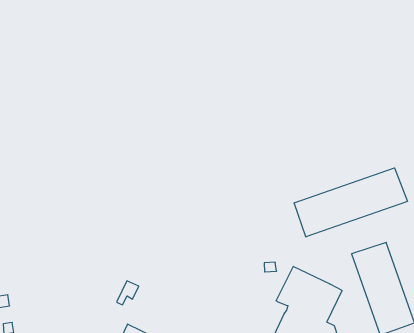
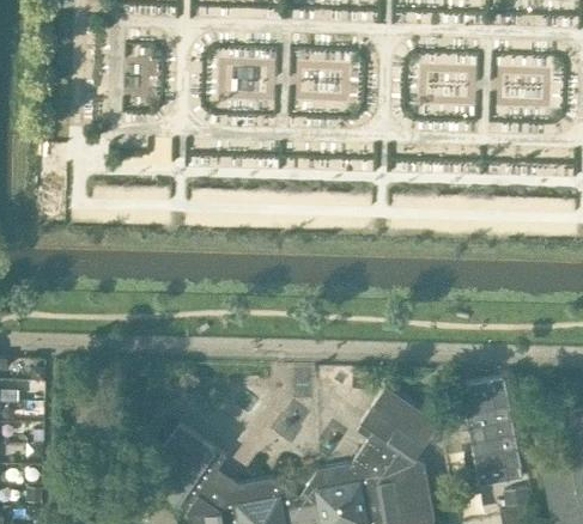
building: [294,168,407,237] -> none

